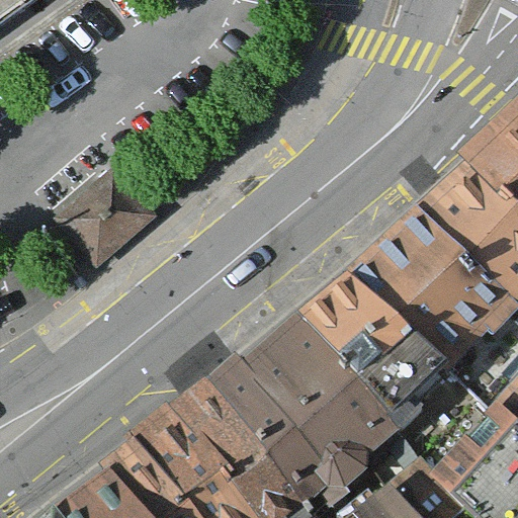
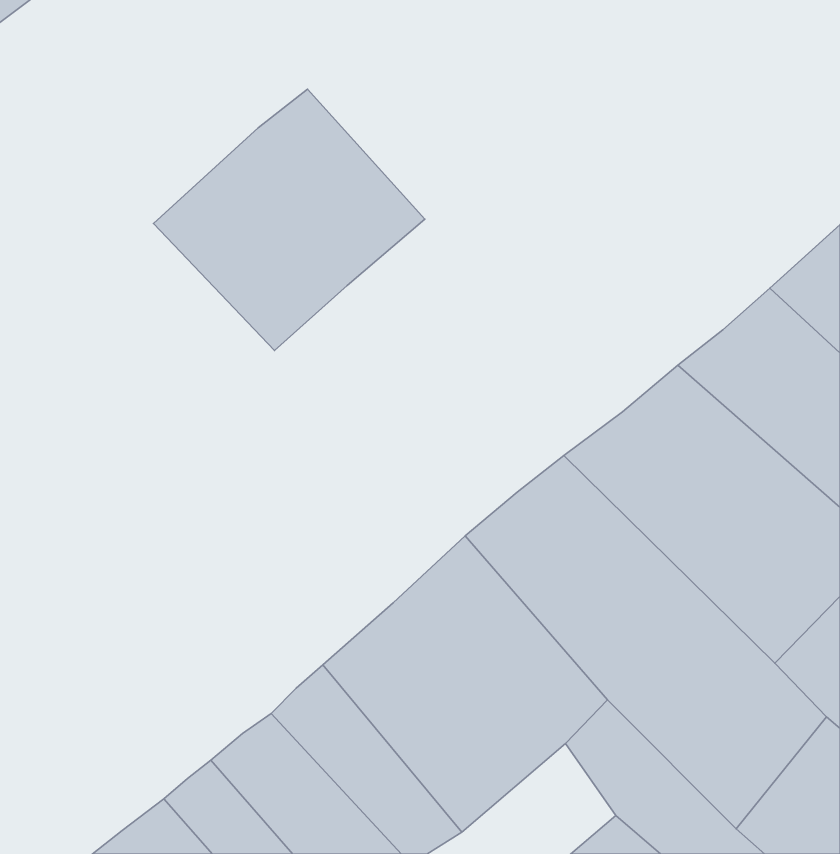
building: none -> [153,89,425,350]
building: [57,187,136,265] -> none

